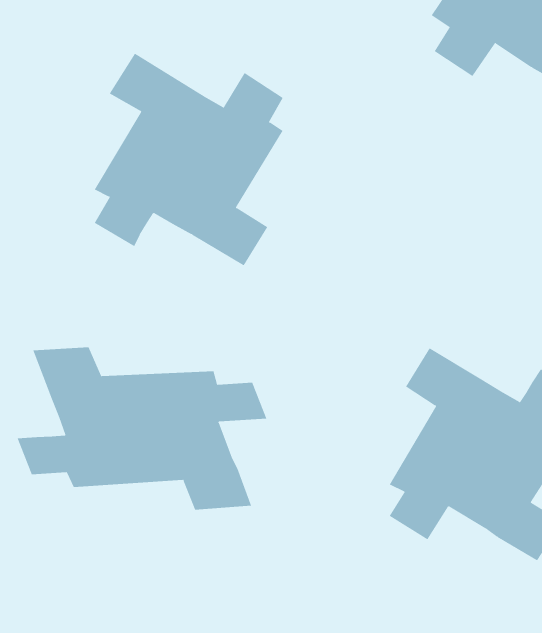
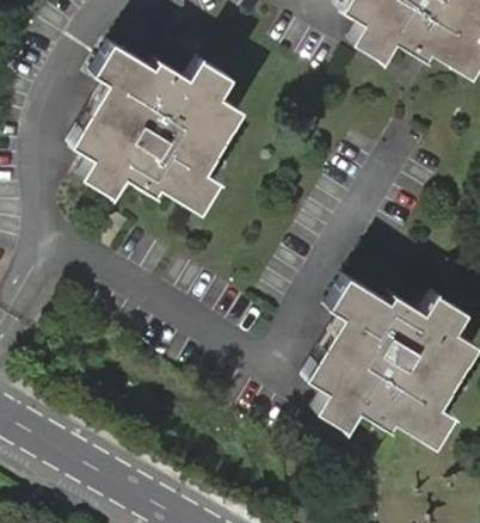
building: [17,347,267,510] -> none

